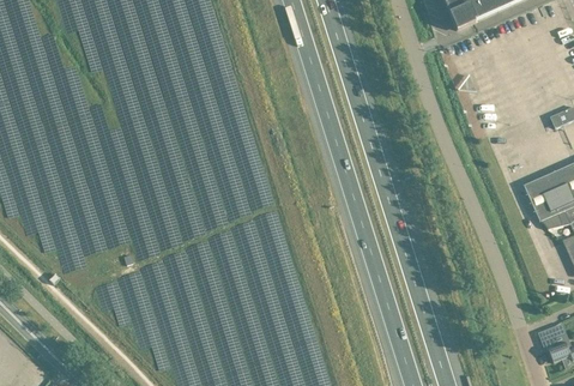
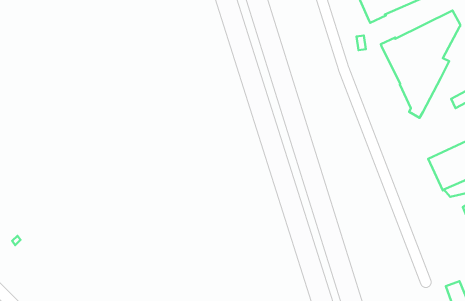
building: none -> [381,11,460,118]

